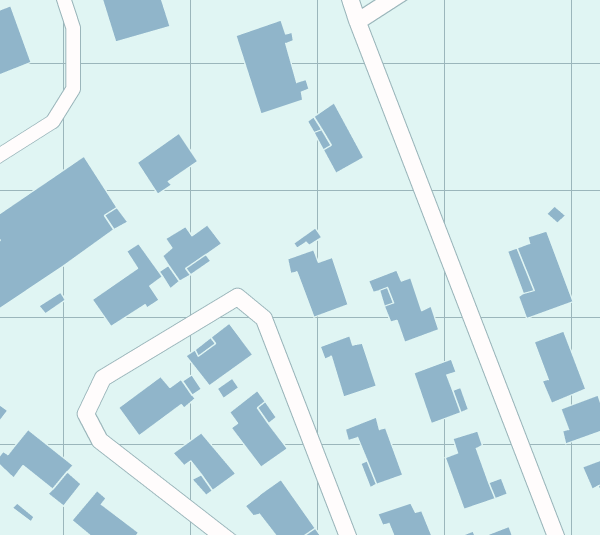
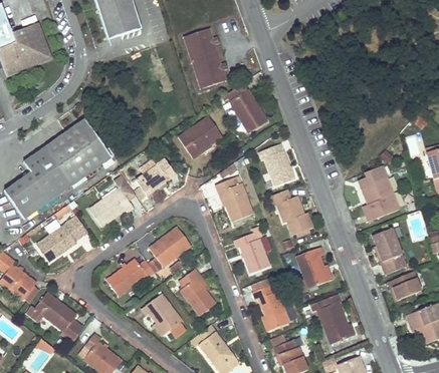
building: [137,133,198,194] -> [181,118,220,157]
building: none -> [264,145,292,187]
building: none -> [37,217,86,262]

